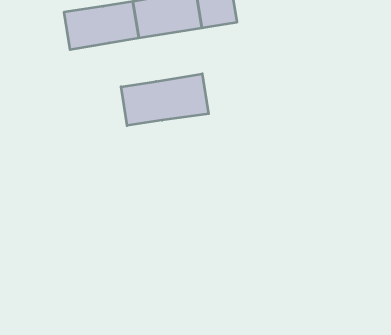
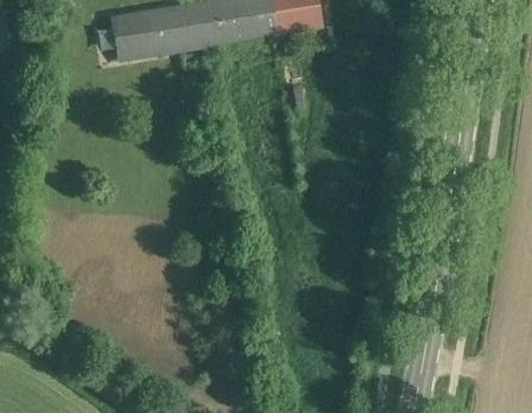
building: [121,74,209,126] -> none

